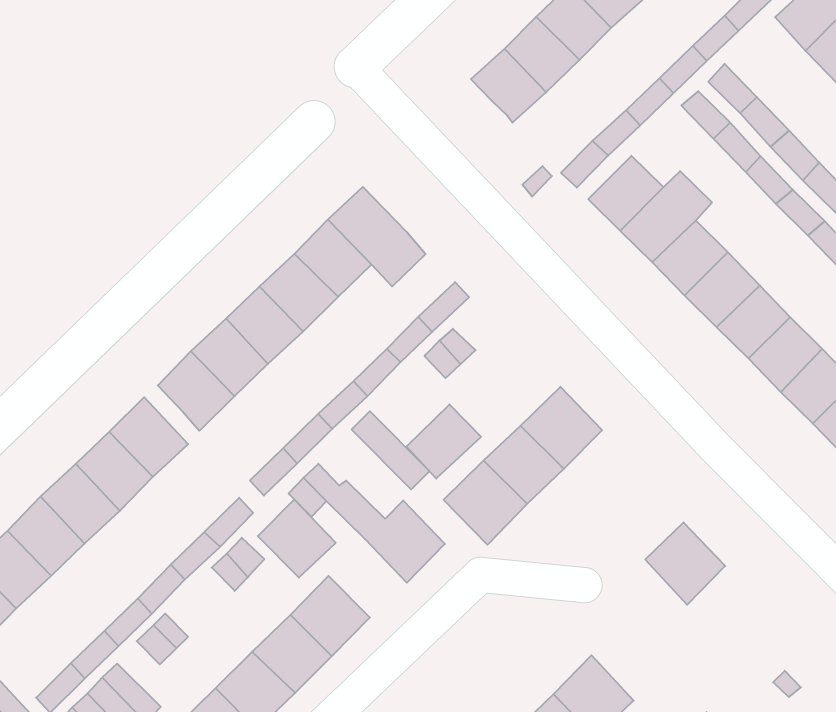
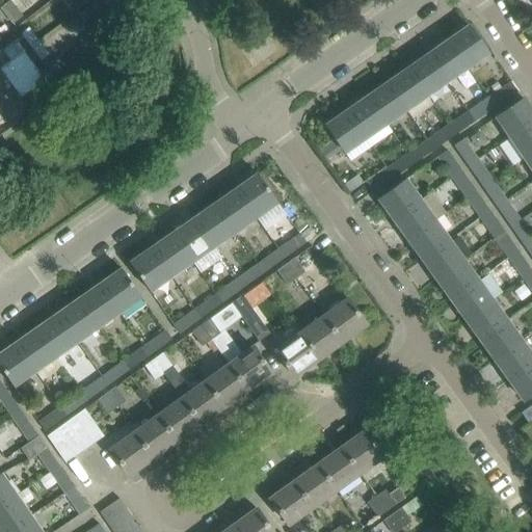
building: [406,404,481,479] -> none
building: [258,499,336,578] -> [207,363,248,405]
building: [645,522,725,605] -> [342,428,384,473]

